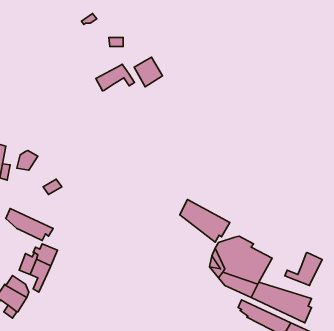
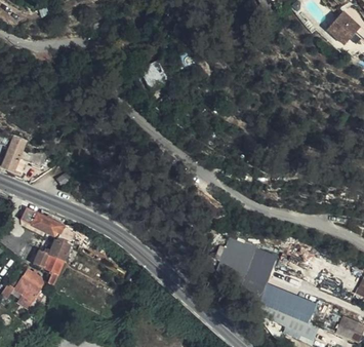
building: [96,64,135,91] -> none
building: [180,200,230,242] -> none
building: [285,253,322,285] -> none

